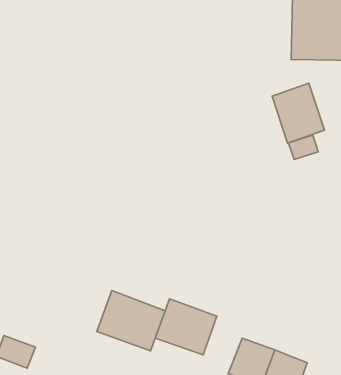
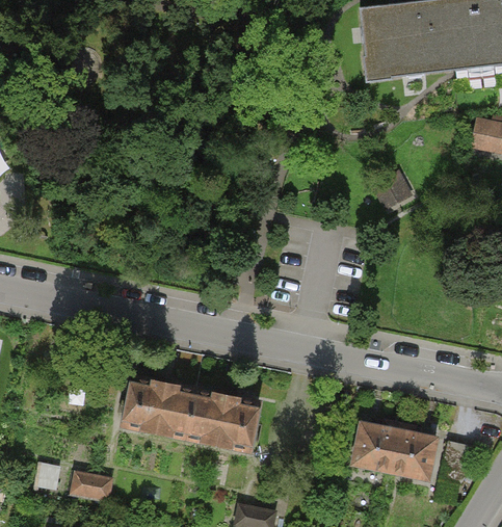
building: [272,83,324,143] -> none
building: none -> [118,374,195,439]
building: [155,299,217,355] -> none

